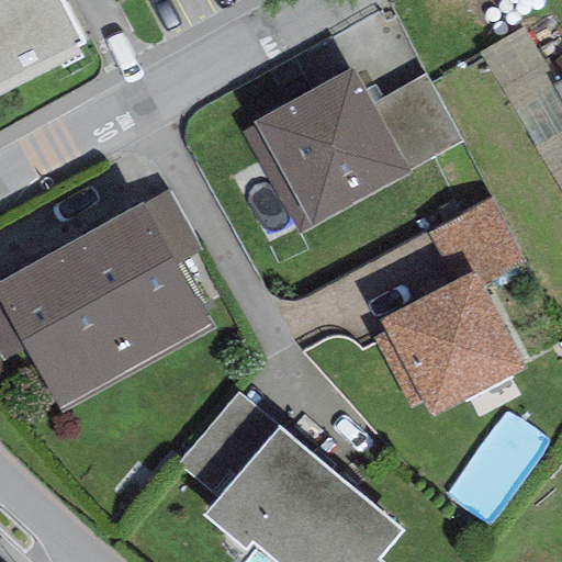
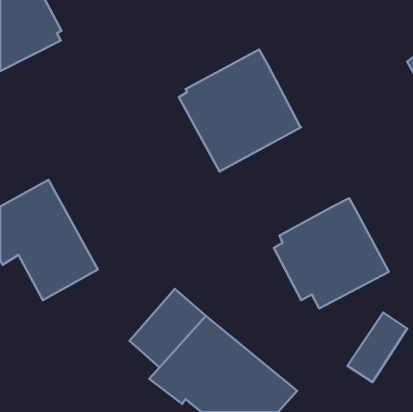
building: [364,71,462,170] -> none
building: [67,188,210,366] -> none
building: [427,199,526,284] -> none

